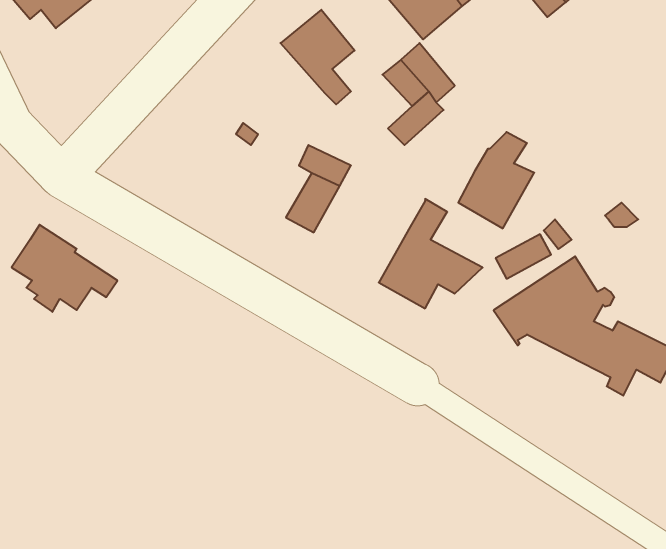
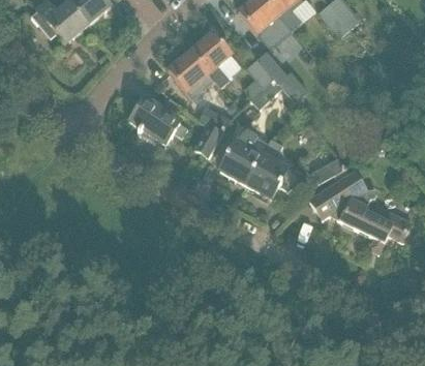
building: none -> [169,51,215,98]
building: [458,132,534,228] -> [220,130,263,184]
building: [12,225,117,312] -> [129,96,188,145]

